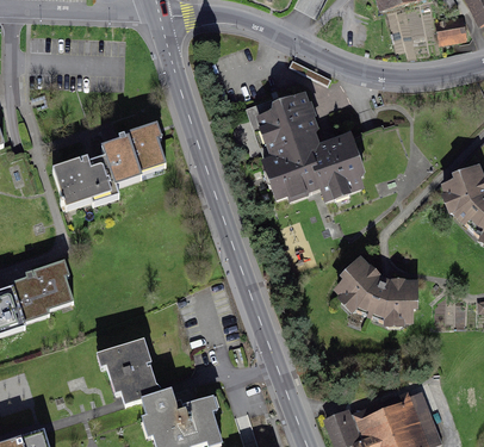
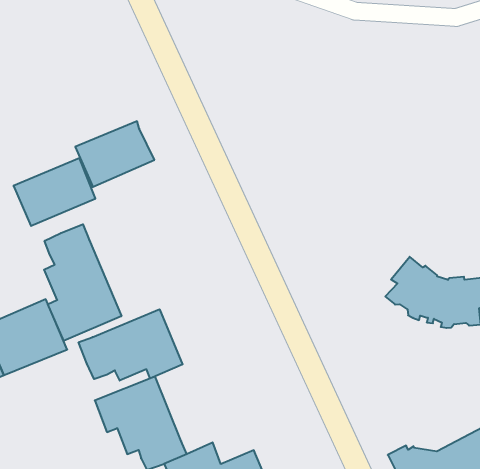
building: [256,94,362,198] -> none
building: none -> [44,224,121,341]
building: none -> [79,309,183,381]

